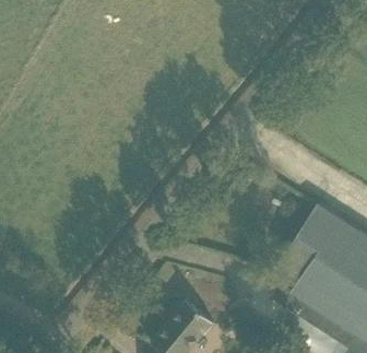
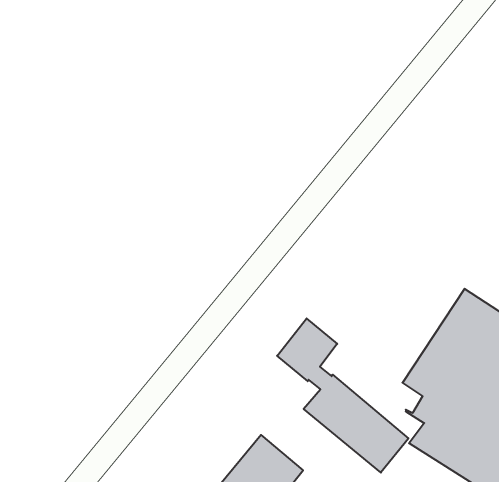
building: none -> [277,318,408,473]

